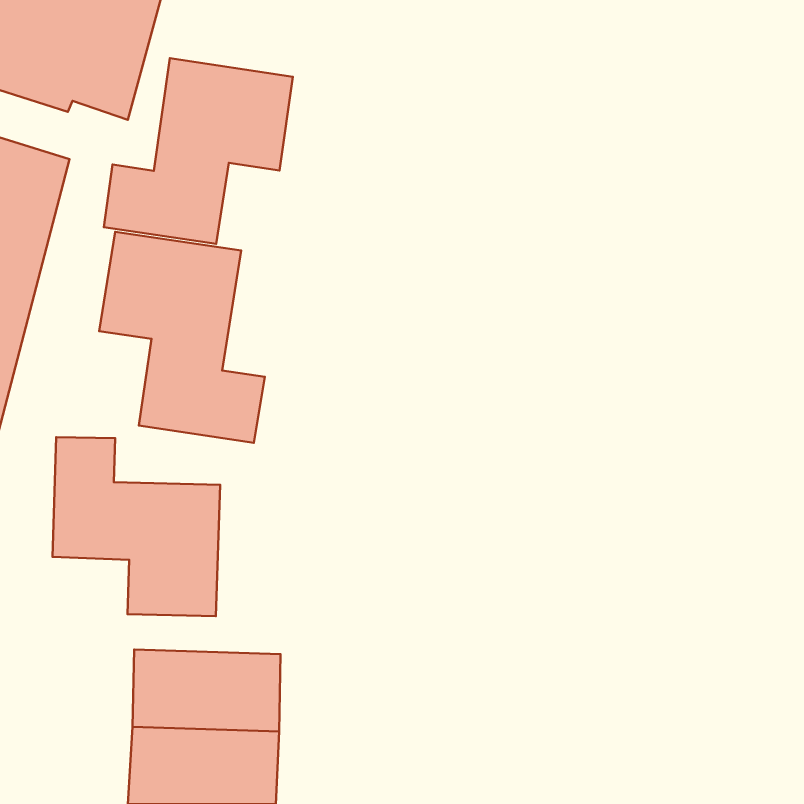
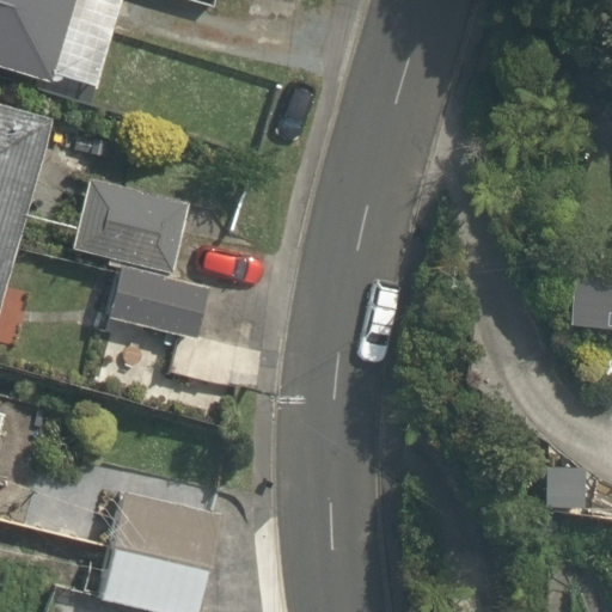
building: [104,58,293,244] -> none
building: [52,437,220,616] -> none

